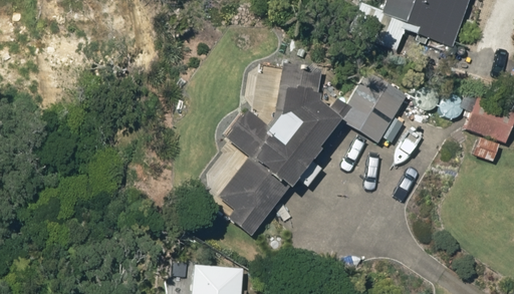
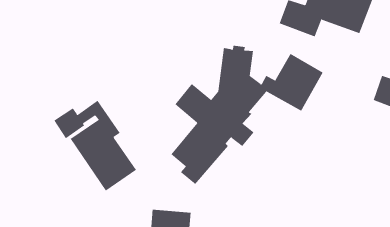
building: none -> [54,100,137,192]

